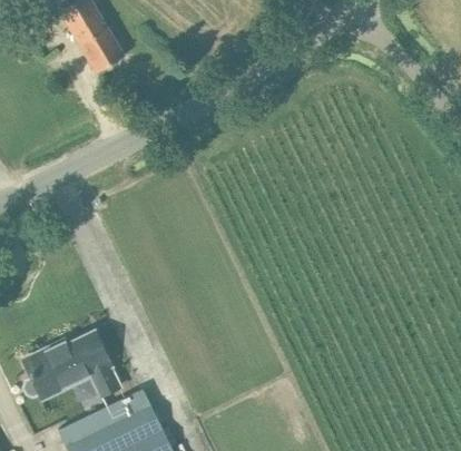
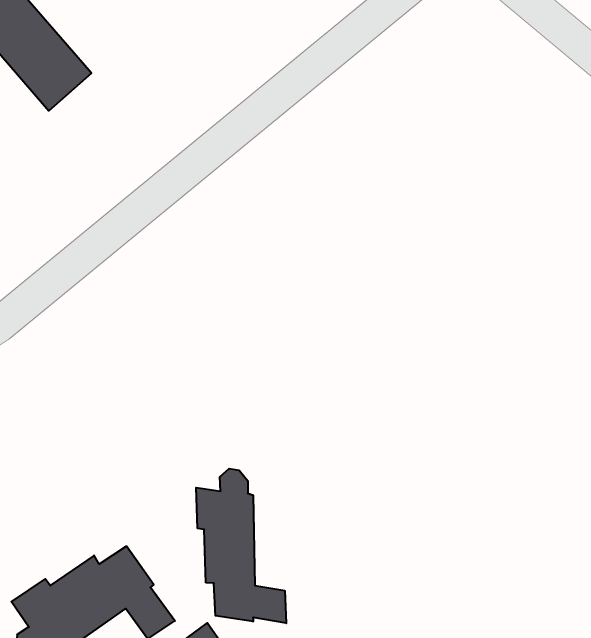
building: none -> [196,469,286,623]

